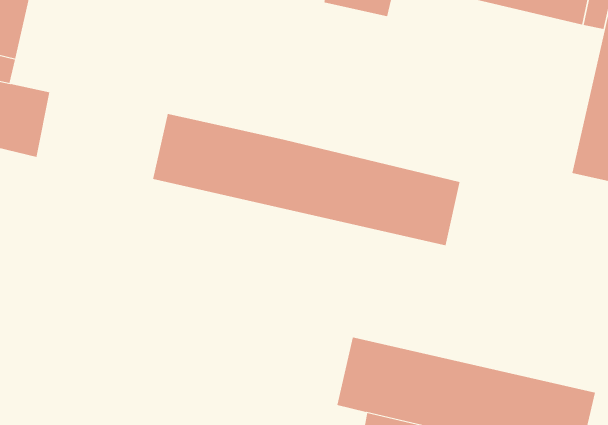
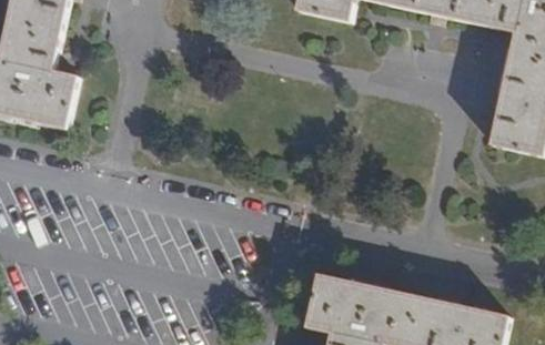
building: [153,113,460,246] -> none

